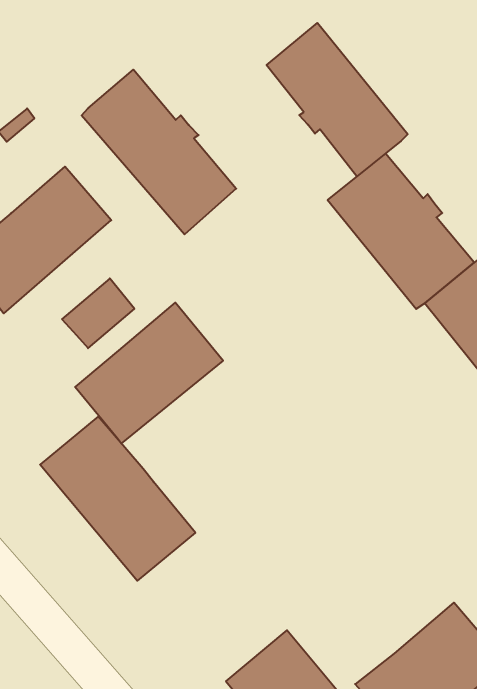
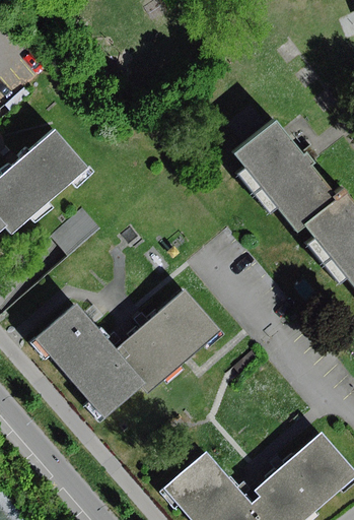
building: [267,23,408,176] -> none
building: [82,70,236,234] -> none
building: [75,303,223,444] -> [114,290,217,389]

